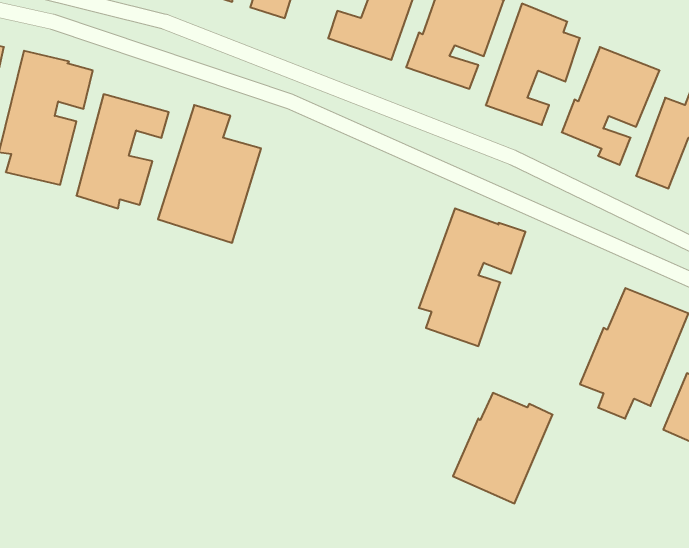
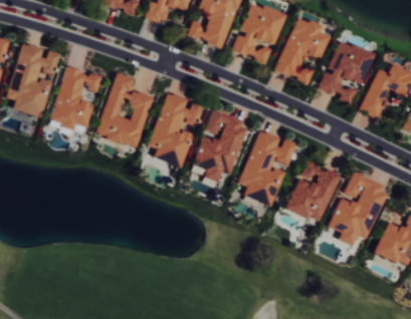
building: none -> [148,91,204,168]
building: none -> [193,110,250,183]
building: [453,393,553,503] -> [287,163,343,224]

